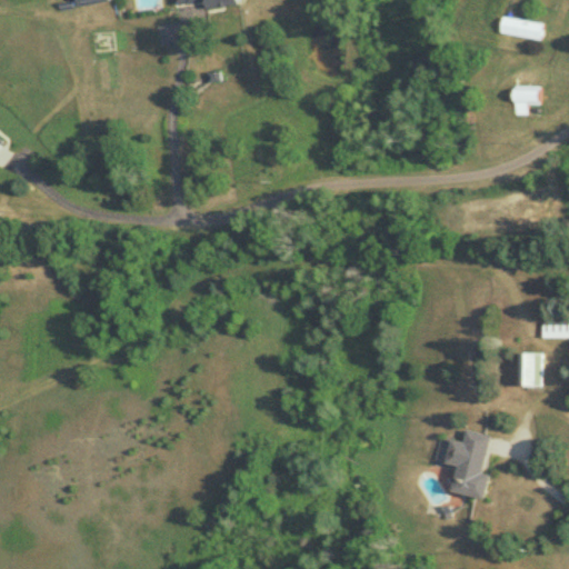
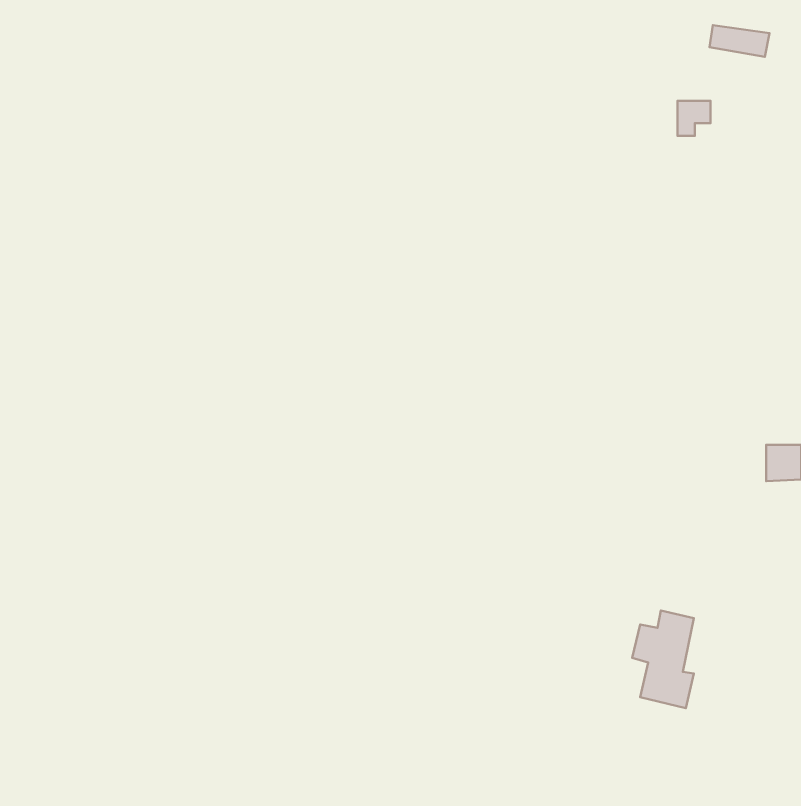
building: [513,89,537,113] -> [678,101,711,136]
building: [517,353,540,386] -> none

